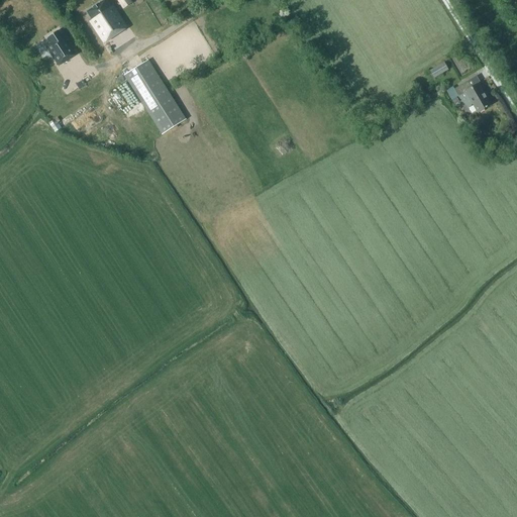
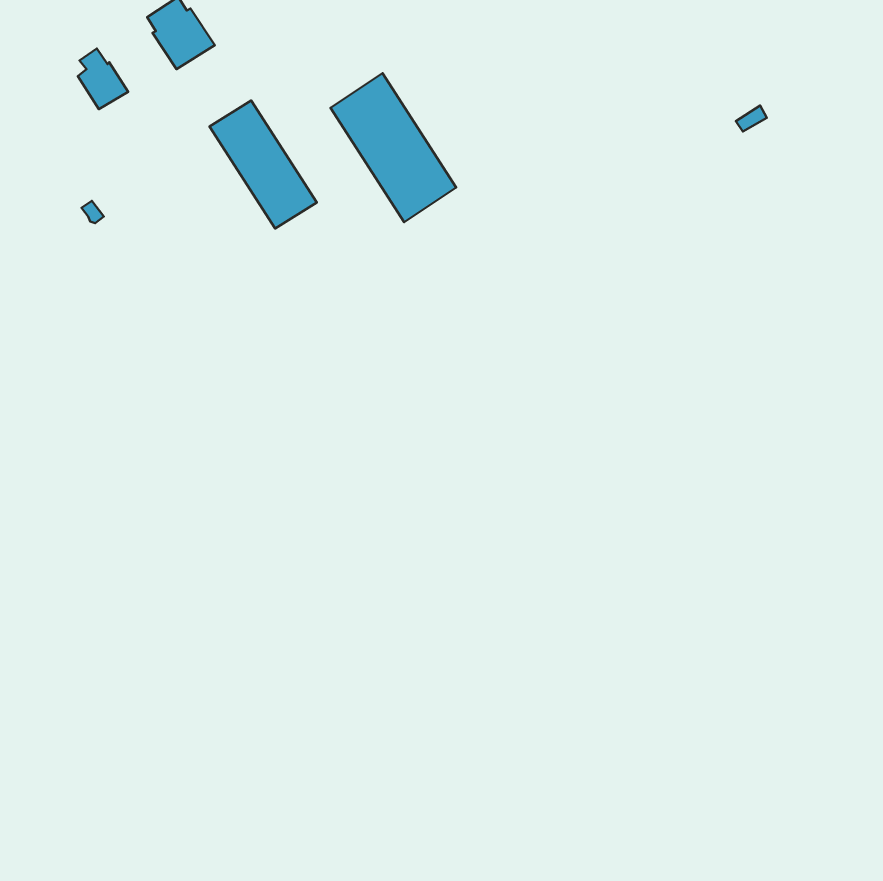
building: none -> [330,73,456,222]
building: [453,81,489,111] -> none

